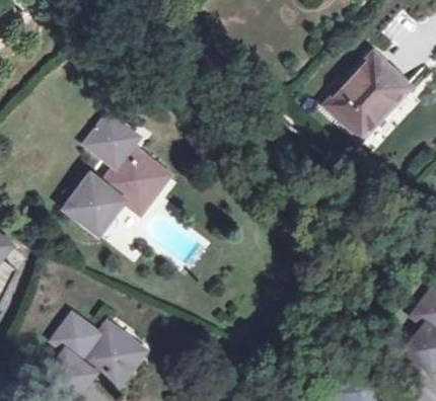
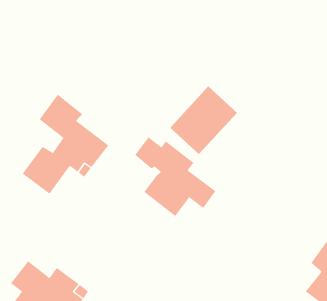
building: [326,56,409,139] -> [169,86,238,155]
building: none -> [134,136,216,217]

